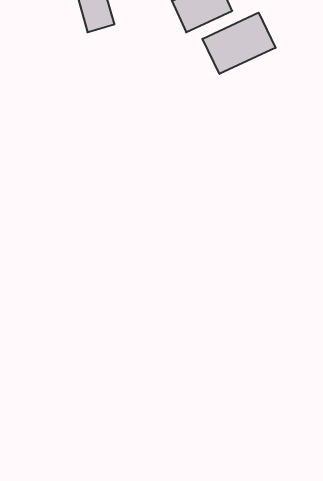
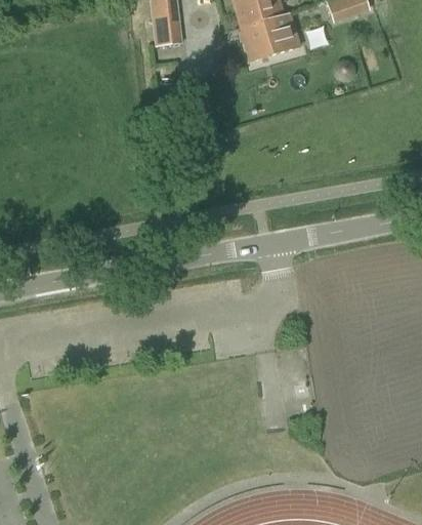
building: [202,13,276,74] -> none

